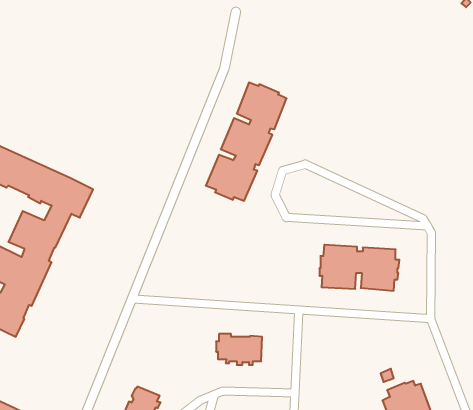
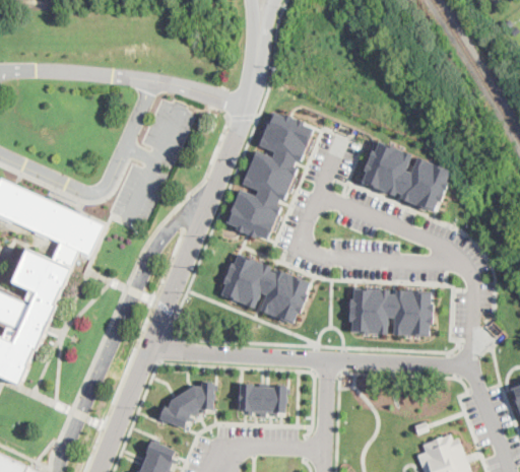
building: none -> [361,140,449,211]
building: none -> [219,253,308,324]
building: none -> [158,382,213,427]

